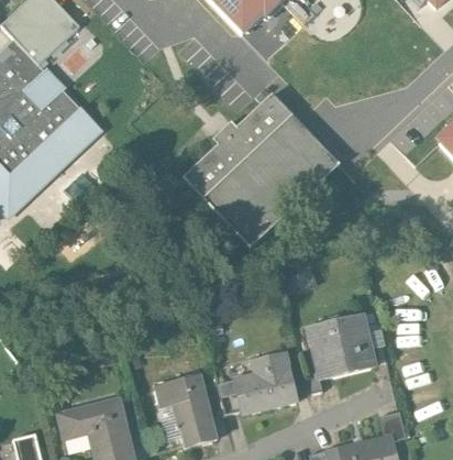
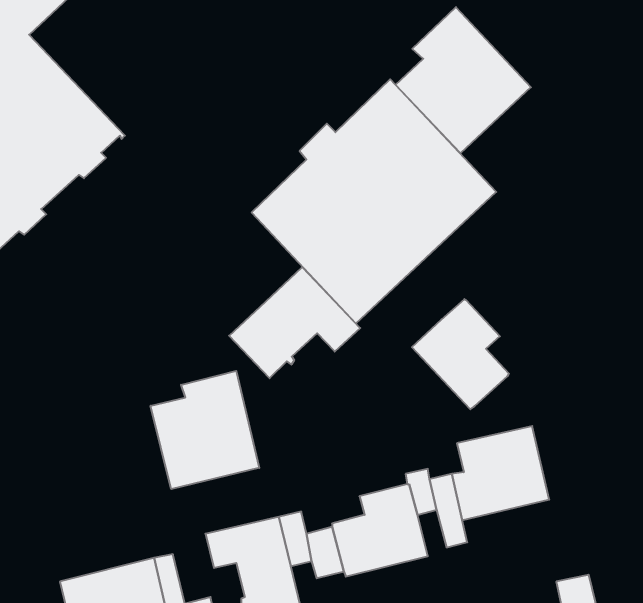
building: none -> [395,7,531,153]
building: none -> [229,267,360,378]
building: none -> [412,299,509,409]
building: none -> [151,371,259,489]

